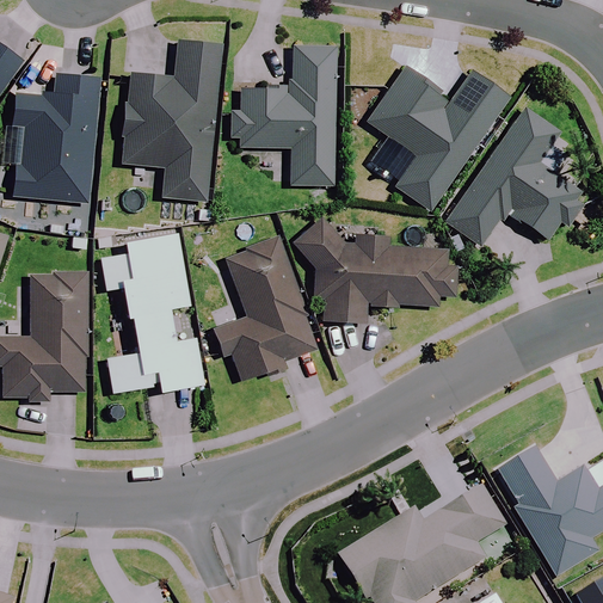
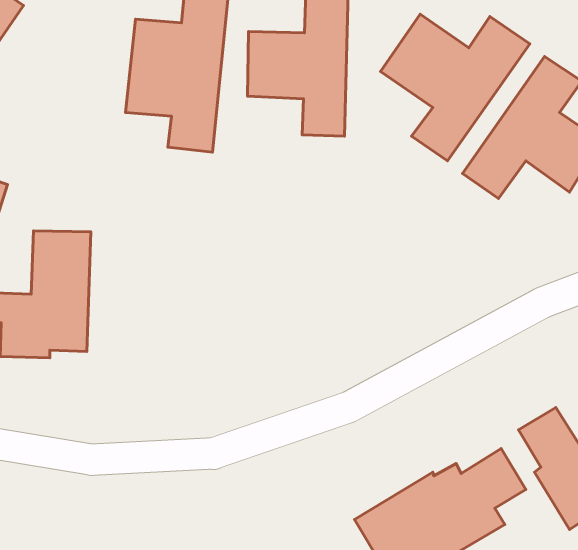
building: [13,73,98,203] -> none
building: [291,215,457,320] -> none
building: [100,229,204,392] -> none
building: [217,239,316,380] -> none

